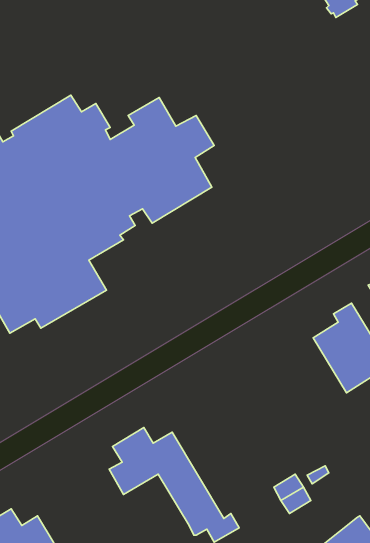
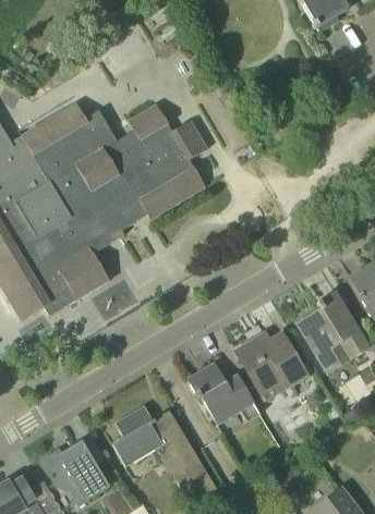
building: none -> [235,332,309,402]
building: none -> [188,363,261,426]
building: none -> [43,442,108,505]

